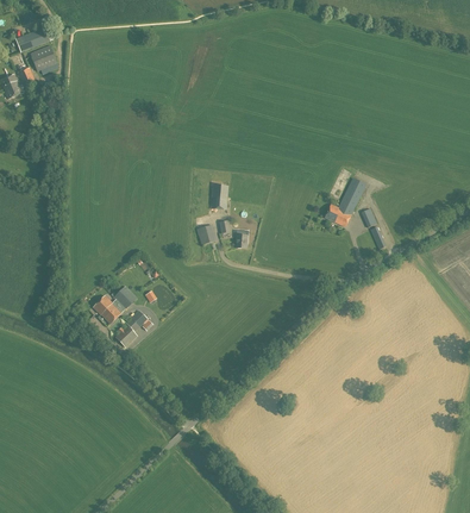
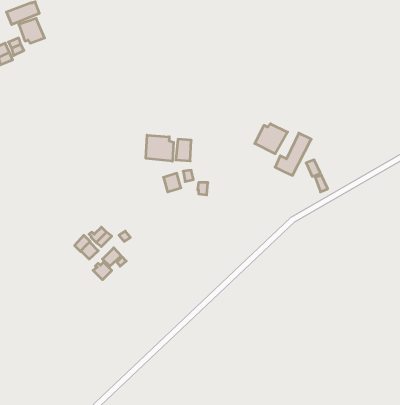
building: none -> [255,124,288,154]
building: none -> [146,135,174,161]

